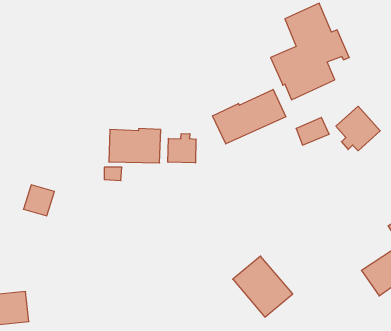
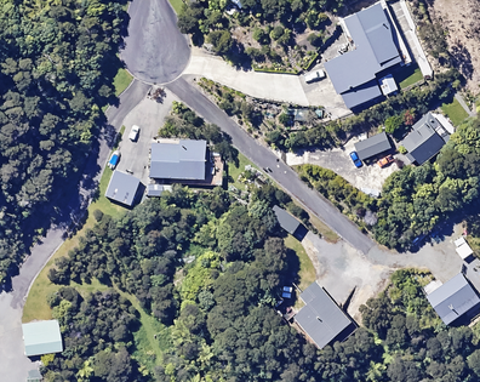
building: [213,89,286,144] -> none
building: [168,134,196,163] -> none
building: [23,185,54,216] -> [105,171,139,205]

